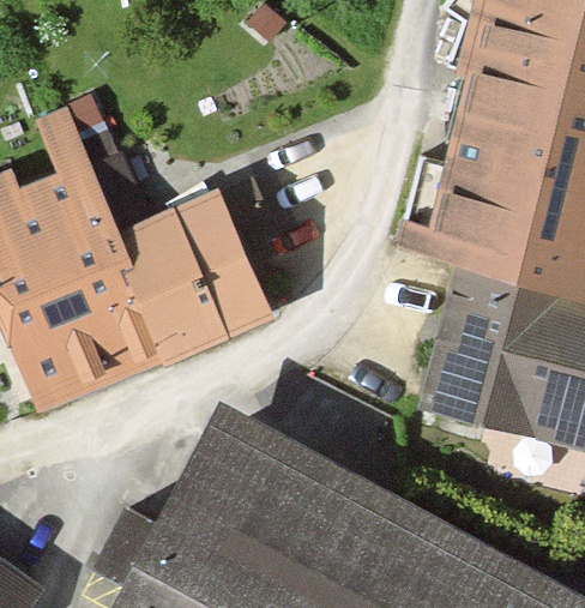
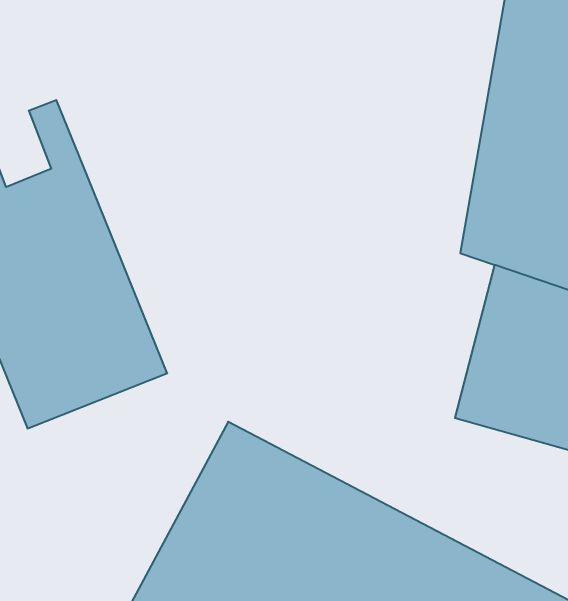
building: [88,156,269,360] -> none

